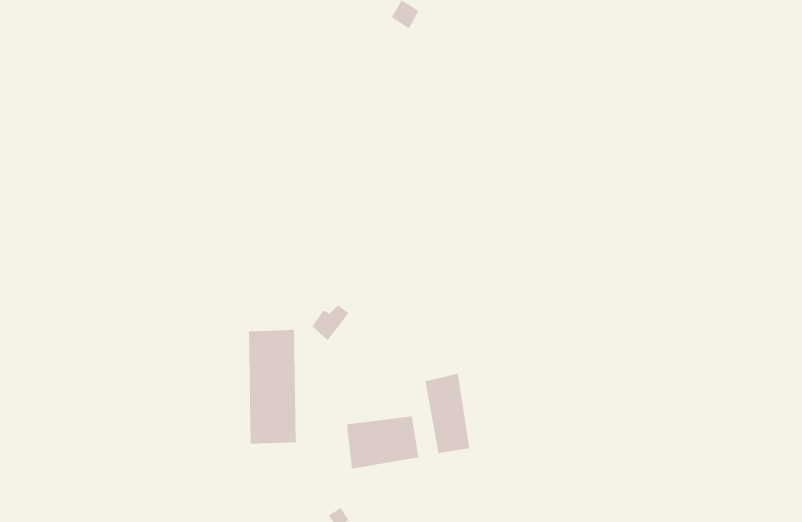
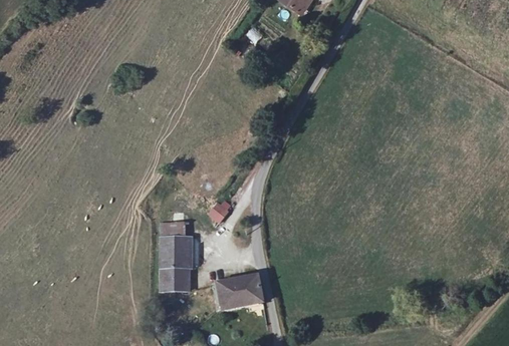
building: [425,373,470,454] -> none

